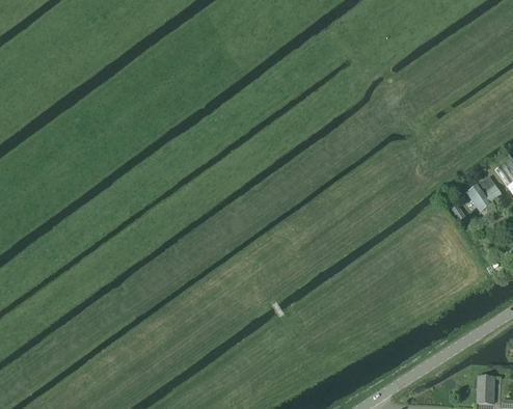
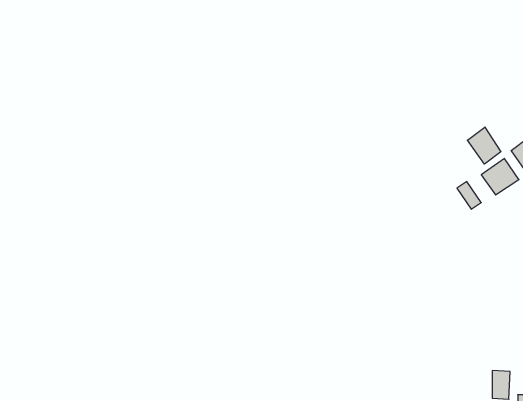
building: none -> [467,127,501,164]

